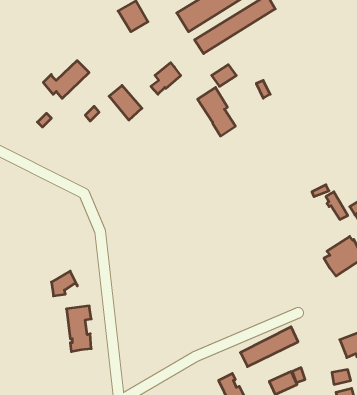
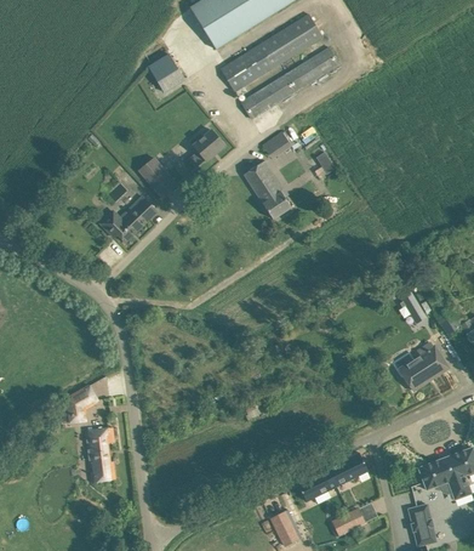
building: [43,61,89,98] -> [102,195,158,242]

